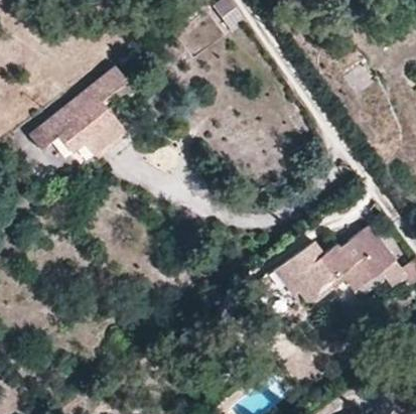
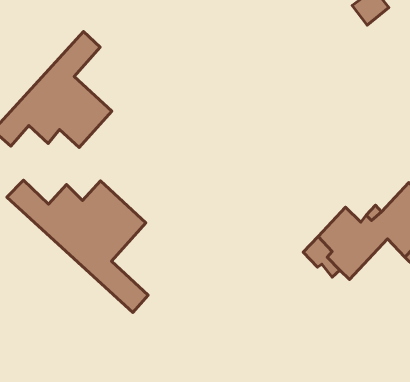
building: none -> [7,180,148,312]

